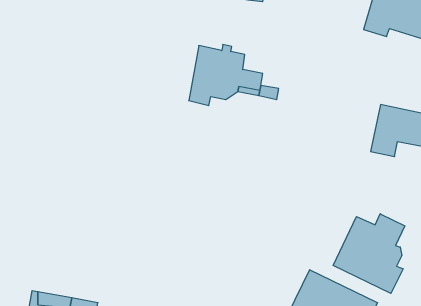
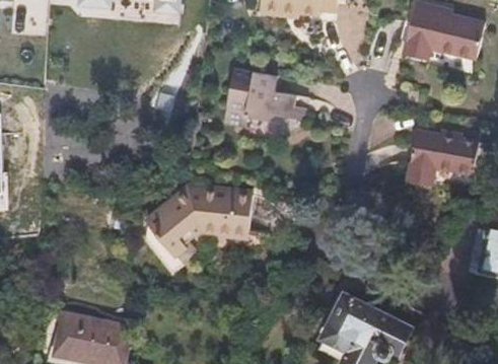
building: none -> [148,188,253,254]
building: [333,214,405,293] -> none

